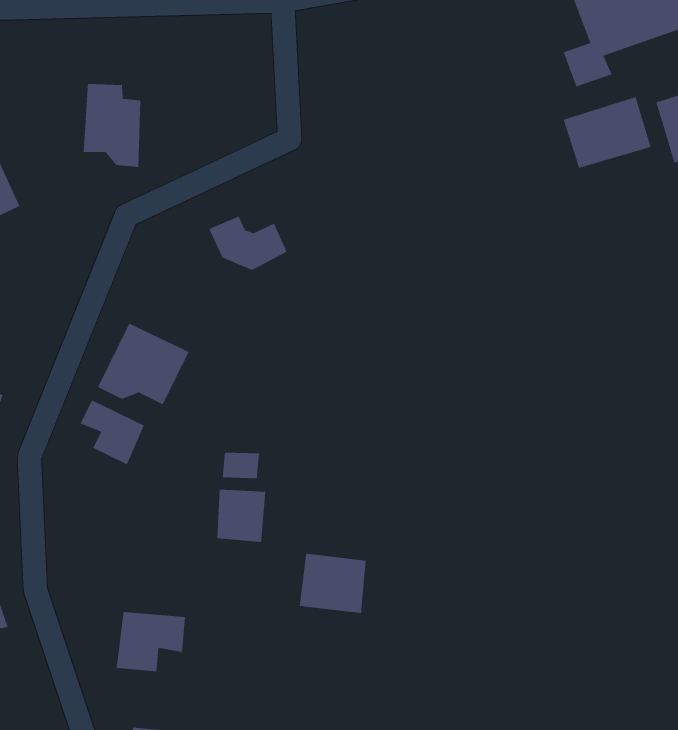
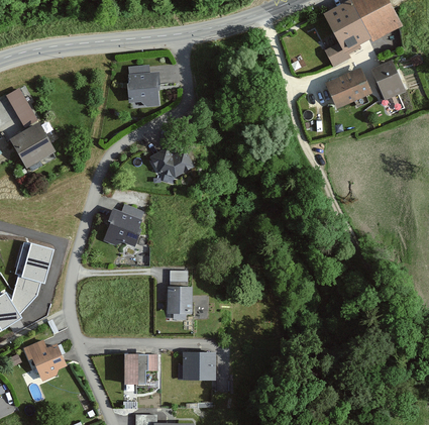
building: [83,84,141,167] -> [127,66,157,107]
building: [80,399,145,465] -> none
building: [299,553,366,614] -> [183,352,215,381]

